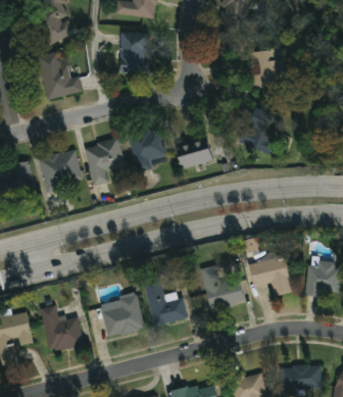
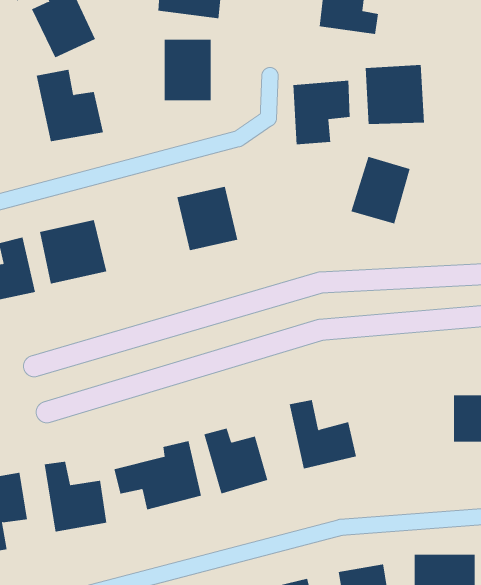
building: none -> [293,80,350,145]
building: [174,137,212,169] -> none
building: [85,138,125,185] -> none
building: [249,255,291,295] -> none

